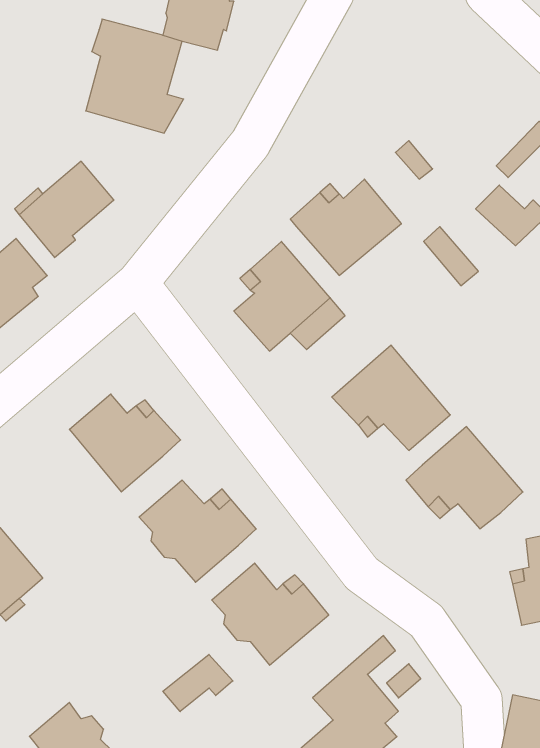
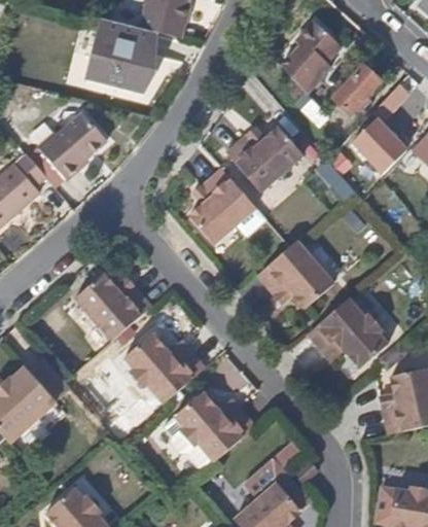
building: none -> [280,21,341,93]
building: none -> [334,64,385,113]
building: [163,654,233,712] -> none

